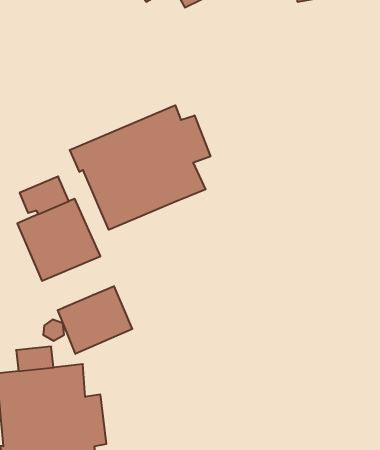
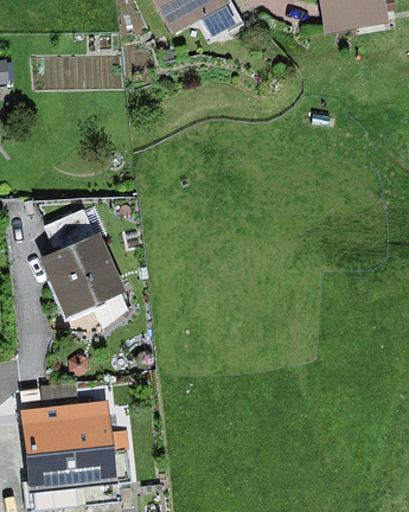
building: [70,105,210,230] -> none
building: [58,286,132,354] -> none

